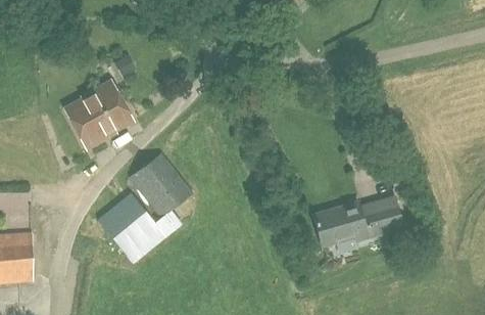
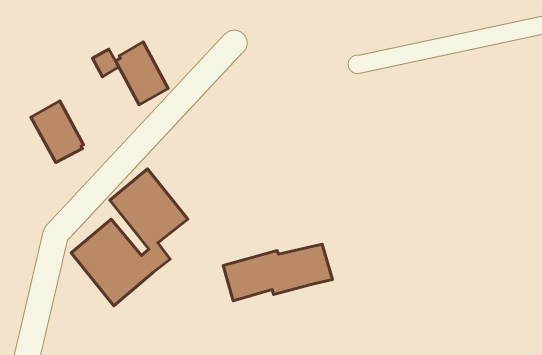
building: [88,81,131,132] -> [115,42,168,105]
building: [313,197,402,243] -> [223,244,332,301]

